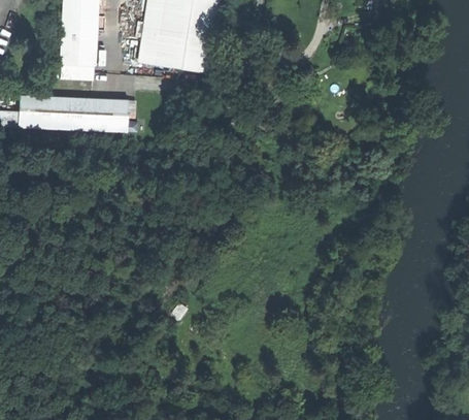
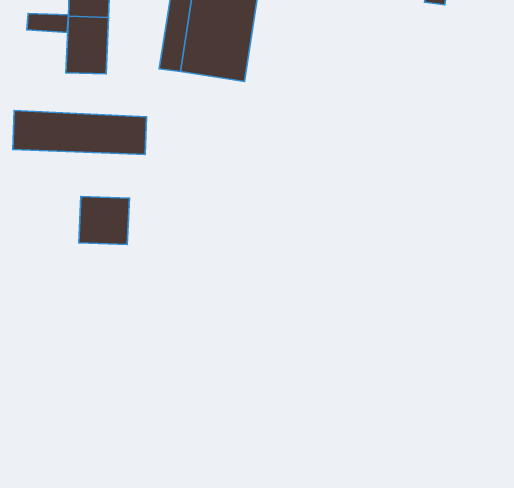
building: [60,64,94,79] -> [27,14,68,32]
building: none -> [79,196,129,245]

